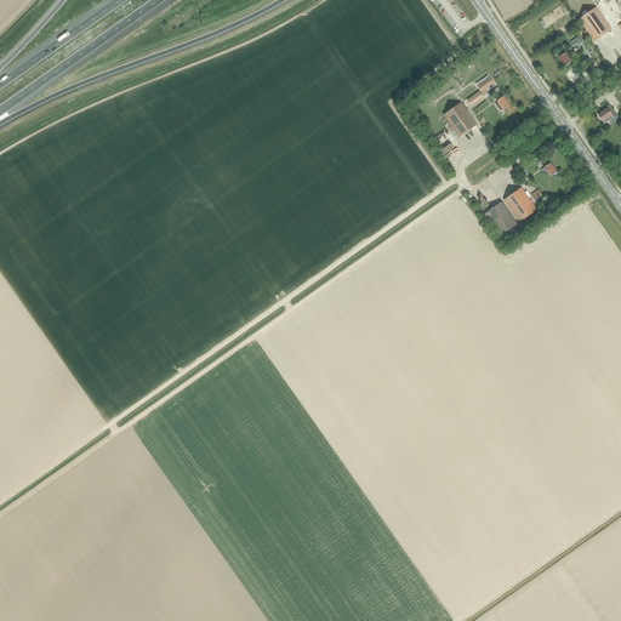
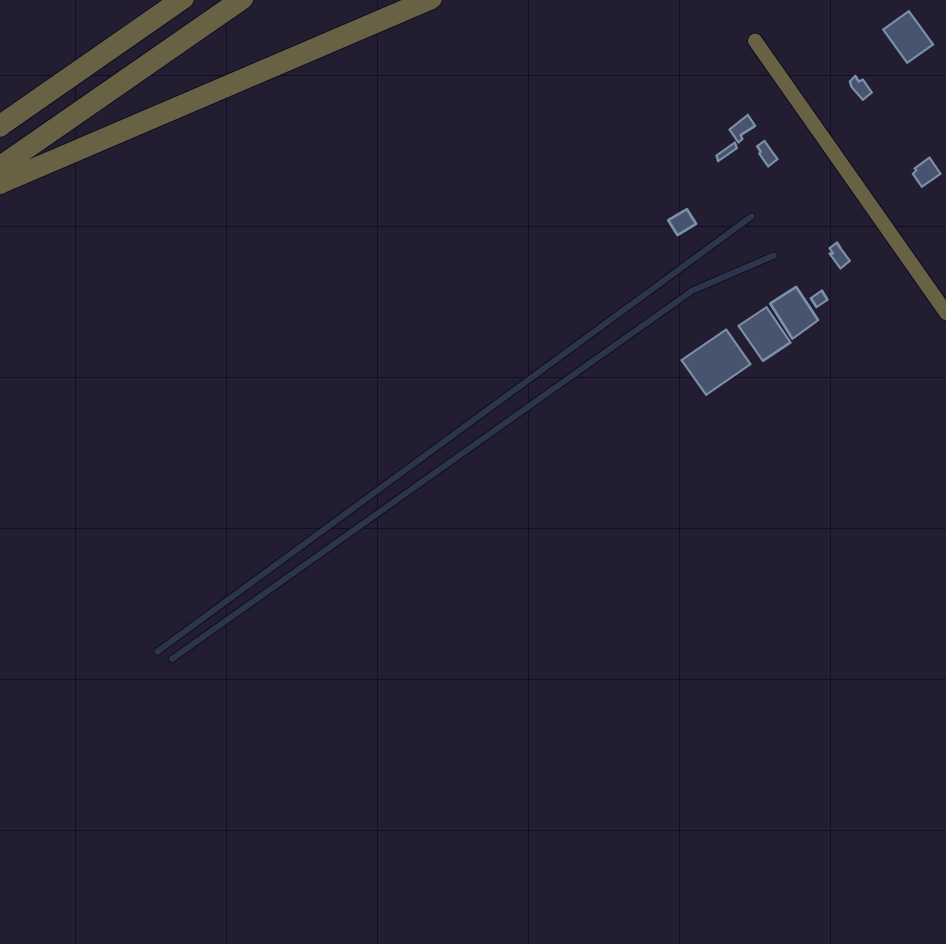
building: [444,102,477,136] -> none
building: none -> [682,330,751,395]

